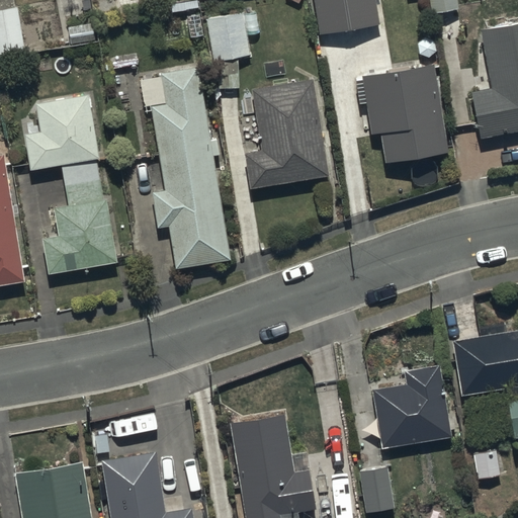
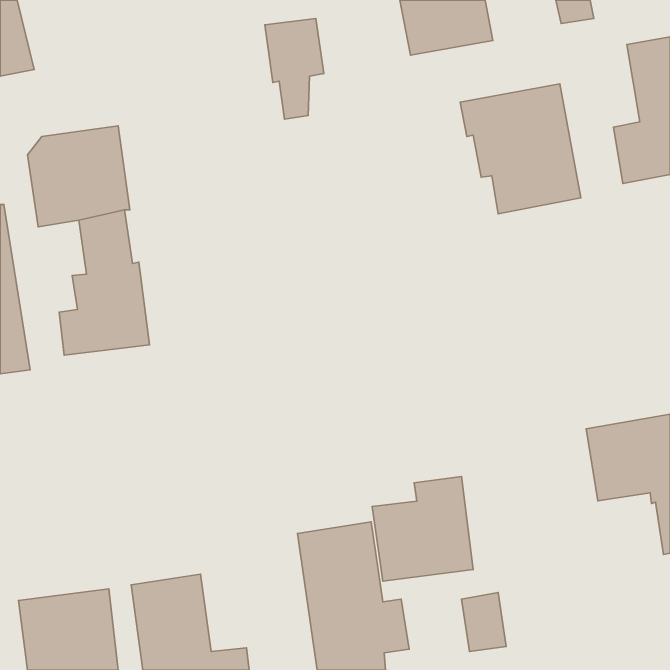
building: [140,71,229,270] -> none
building: [244,83,329,192] -> none
building: [372,357,450,438] -> [372,476,473,581]

